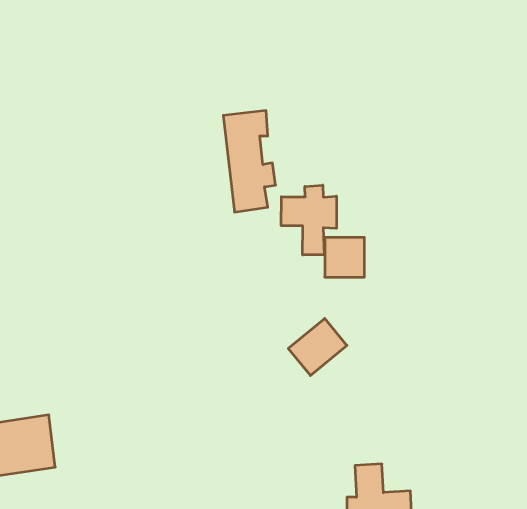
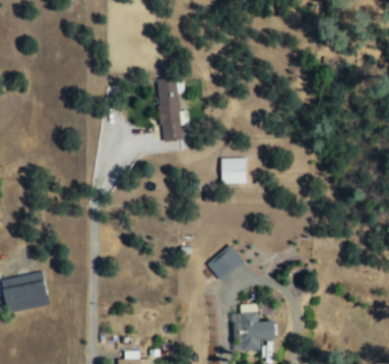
building: [281,185,336,255] -> none
building: [288,318,347,376] -> [207,245,245,282]

